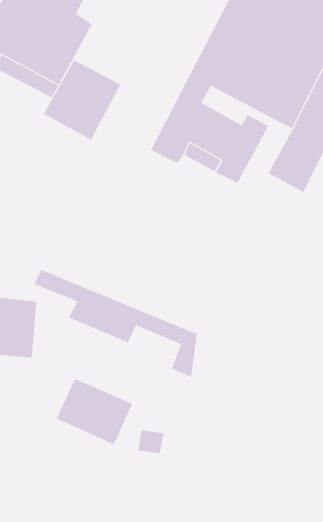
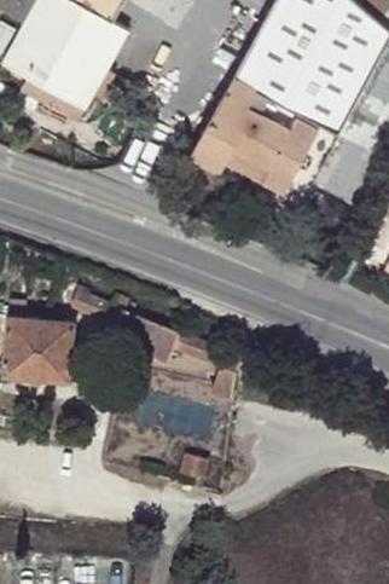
building: [43,59,121,141] -> none
building: [56,378,133,445] -> none

